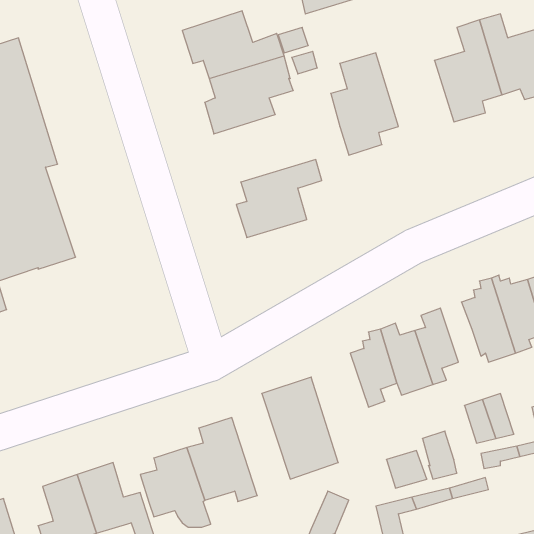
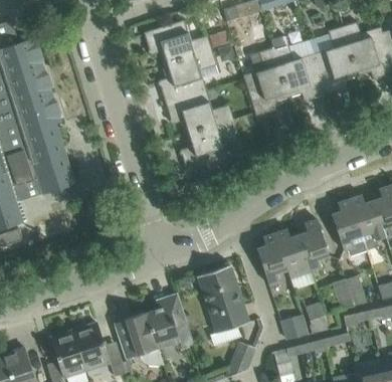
building: none -> [274,42,327,101]
building: none -> [166,88,234,134]

